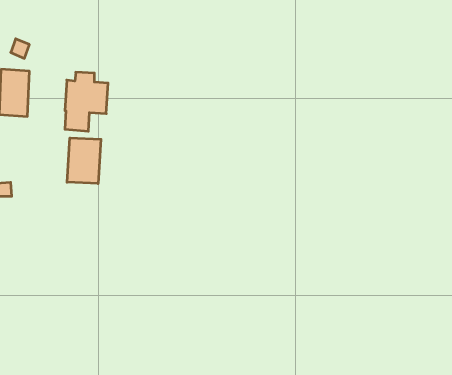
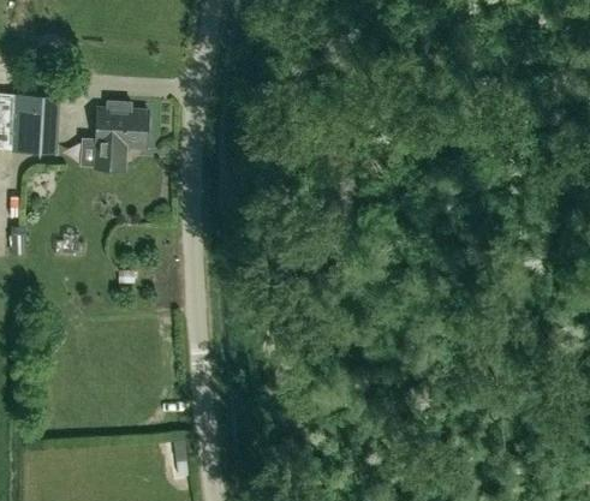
building: [67,138,101,184] -> none

